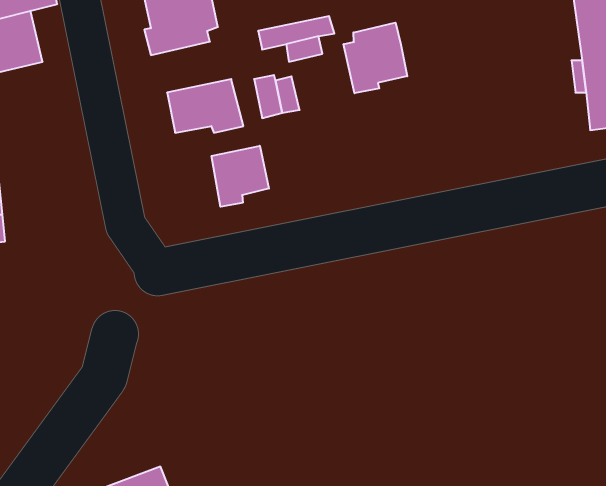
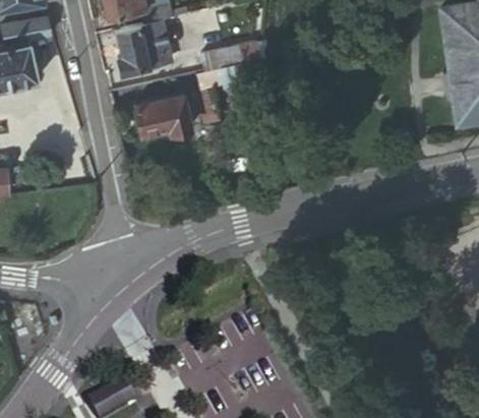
building: [344,23,407,93] -> none
building: [212,146,269,207] -> none

